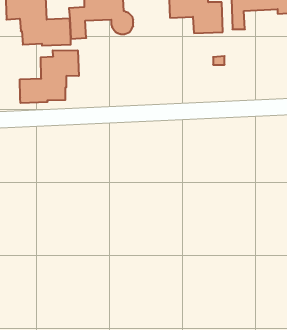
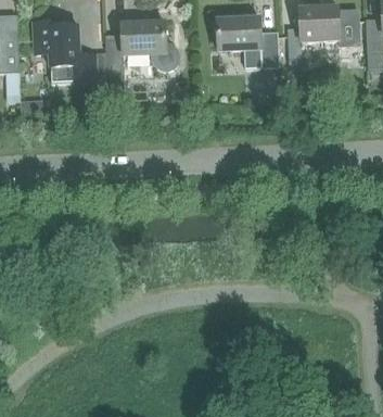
building: [20,50,79,103] -> none

